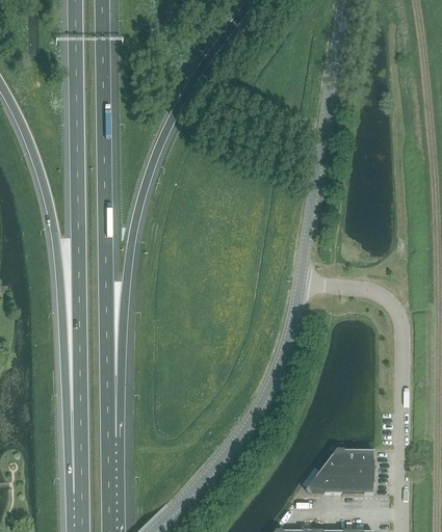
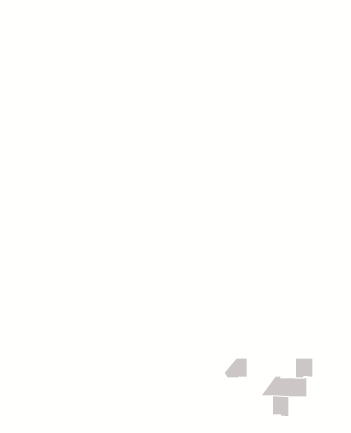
building: [306,471,333,494] -> [224,358,247,378]
building: [353,472,373,495] -> [295,358,313,378]

